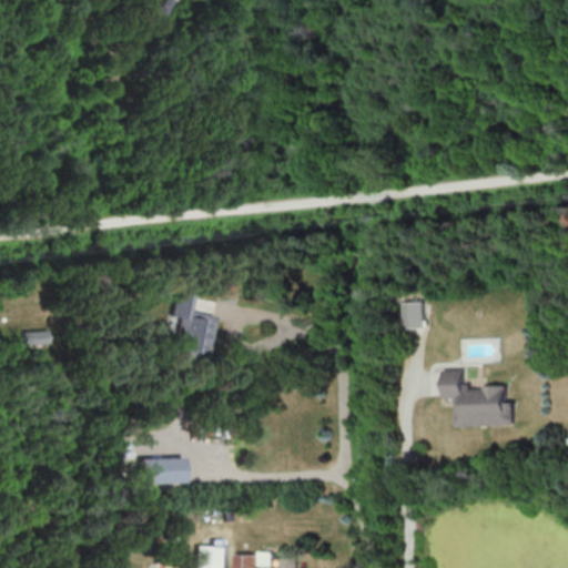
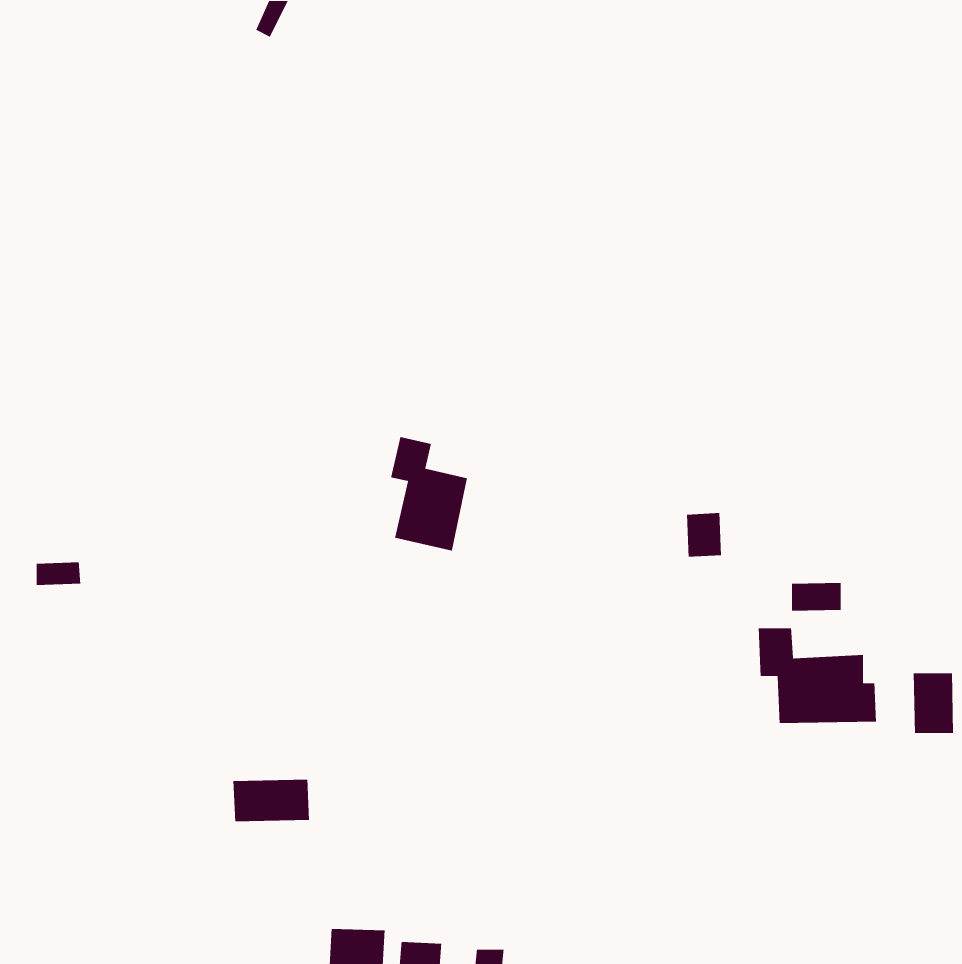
building: [170,292,215,359] -> [390,436,468,551]
building: none -> [791,582,842,611]
building: none -> [913,673,954,734]

